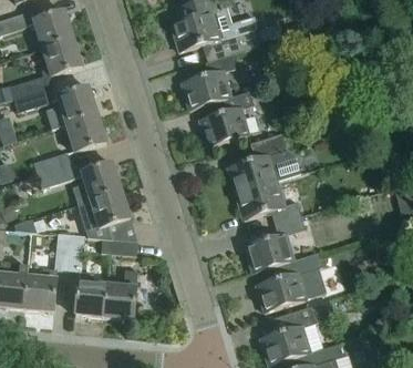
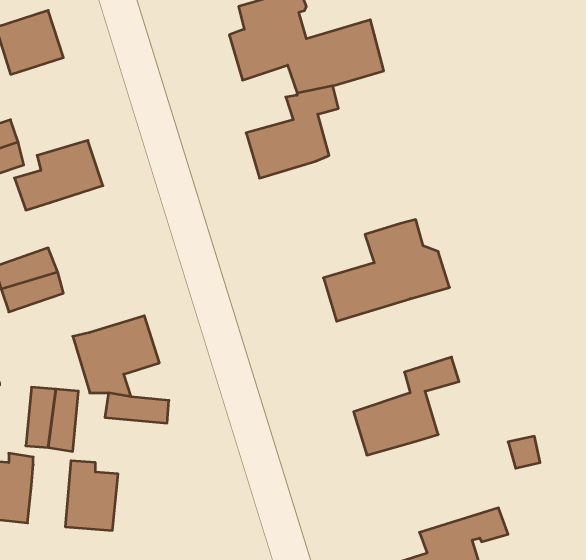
building: [43,38,82,75] -> none
building: [199,91,254,146] -> none
building: [66,113,106,151] -> none
building: [73,162,122,202] -> none
building: [235,180,302,223] -> none
building: [256,252,327,311] -> none
building: [103,268,137,319] -> none

